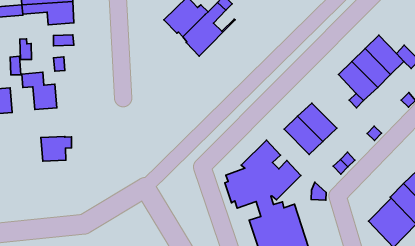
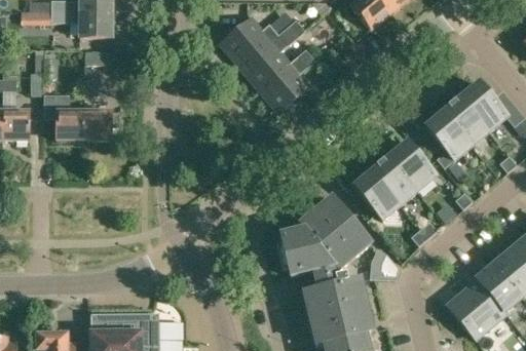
building: none -> [259,49,314,112]
building: none -> [390,142,436,190]
building: [41,136,72,161] -> [82,109,119,139]

